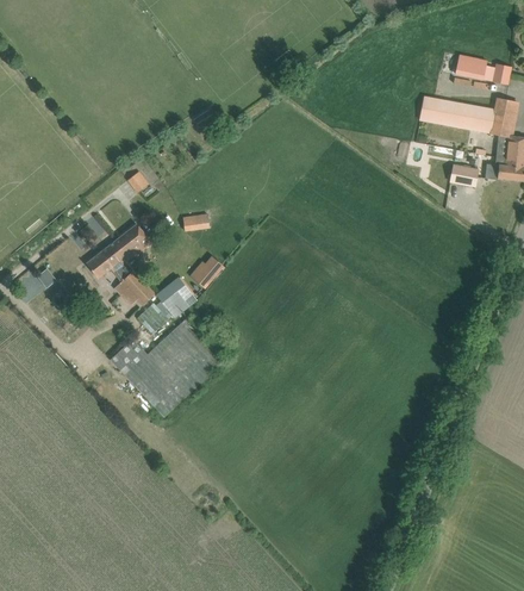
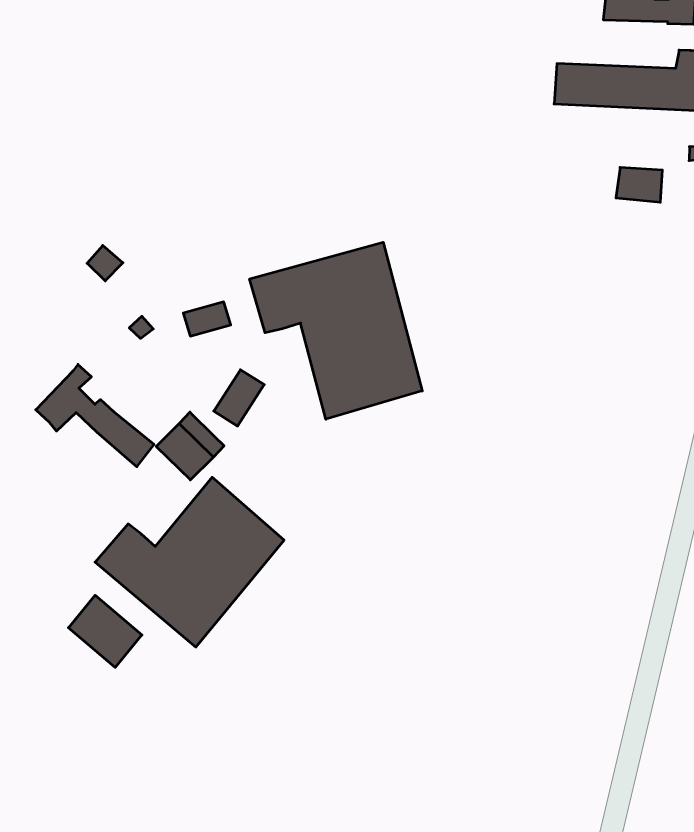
building: none -> [250,242,422,419]
building: [113,224,150,265] -> none
building: [136,301,168,334] -> none
building: none -> [68,595,142,667]

